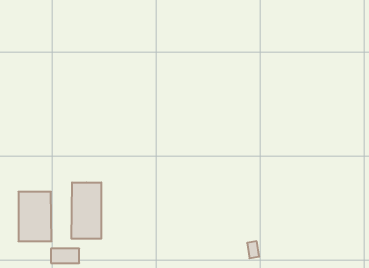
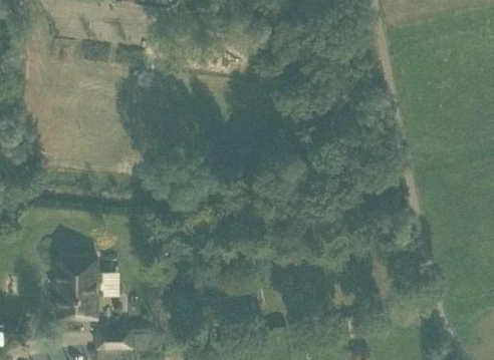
building: [71,182,101,239] -> none

